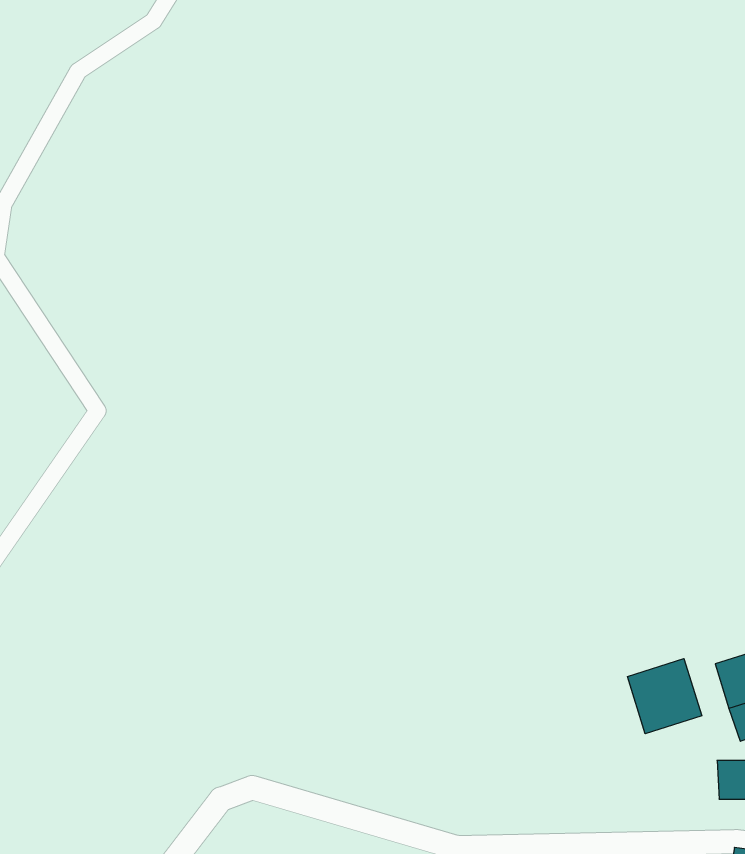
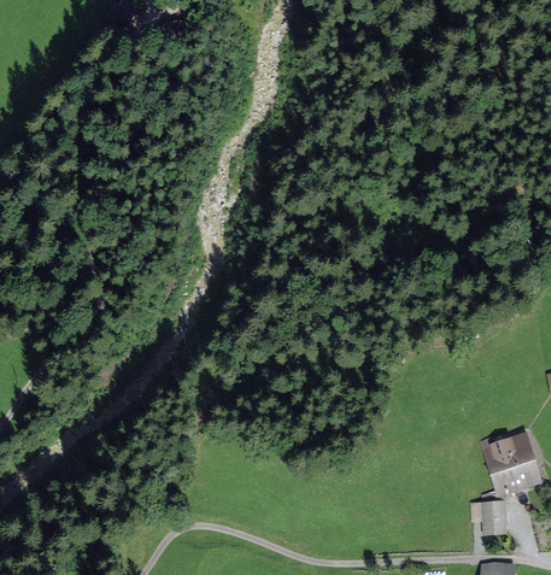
building: [627,659,702,734] -> none

